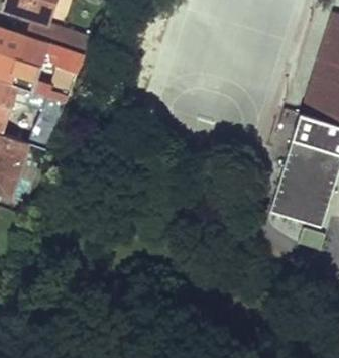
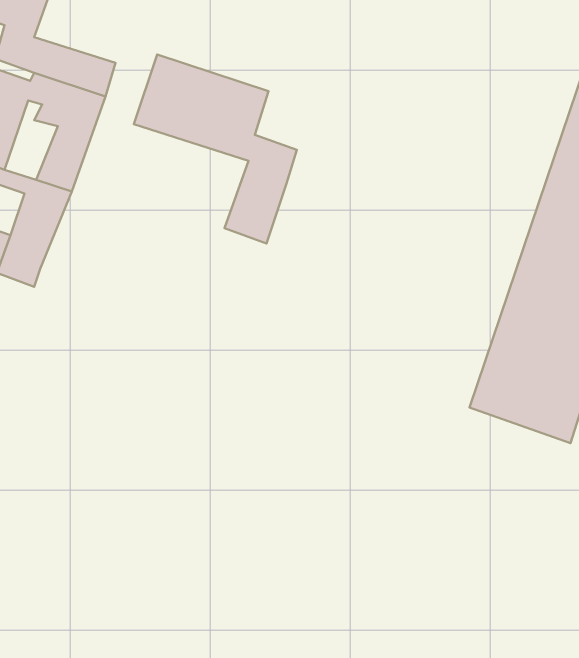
building: none -> [134,54,297,243]

